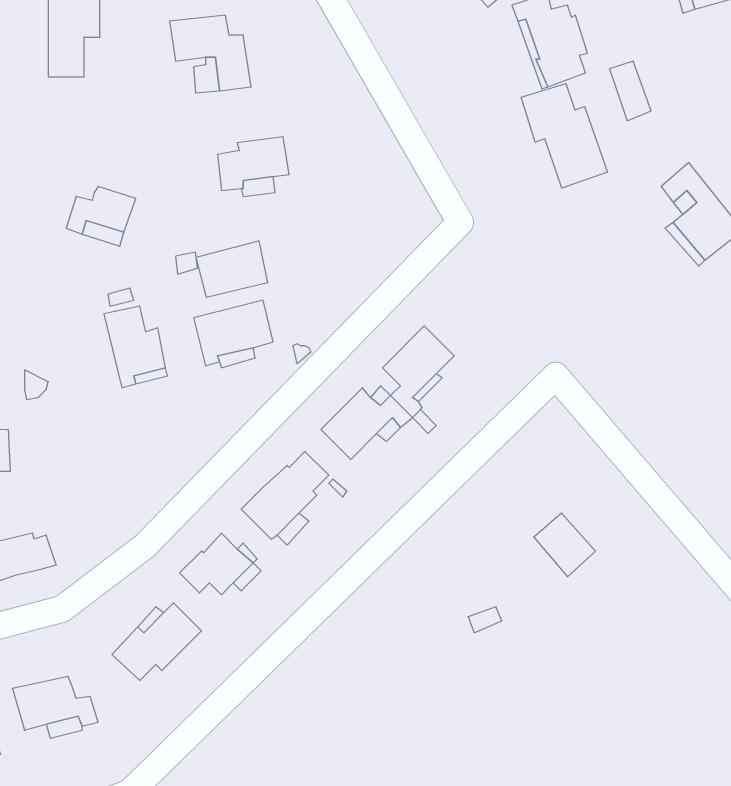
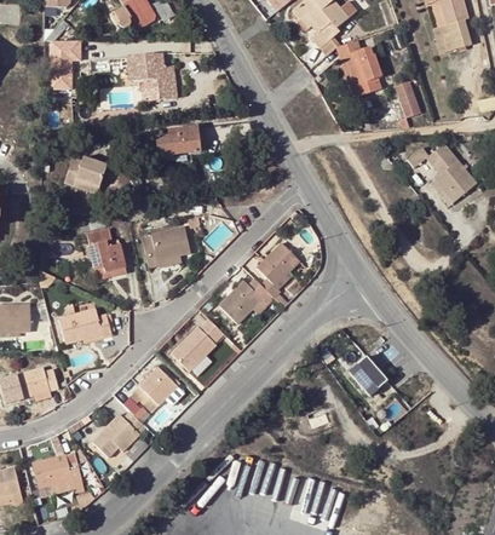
building: [521,84,607,188] -> none
building: [196,241,268,297] -> none
building: none -> [59,307,111,341]

